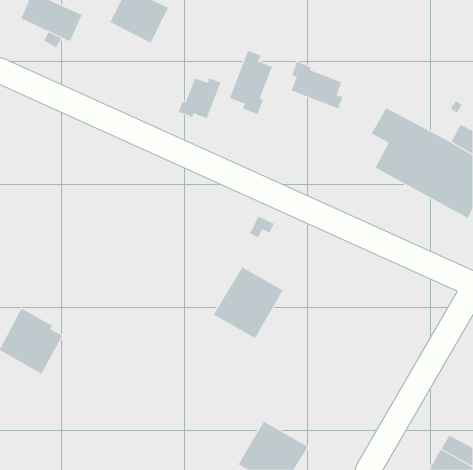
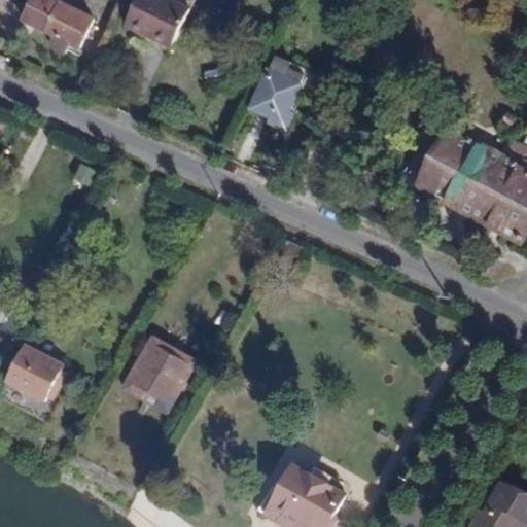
building: [291,61,343,109] -> none
building: [178,78,221,119] -> none
building: [213,266,283,339] -> [119,333,198,414]

